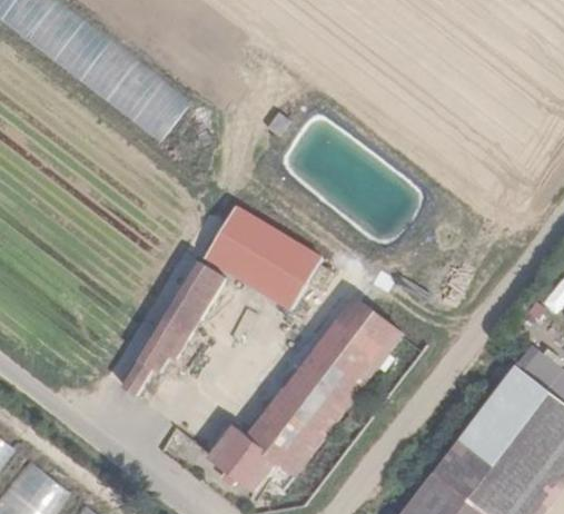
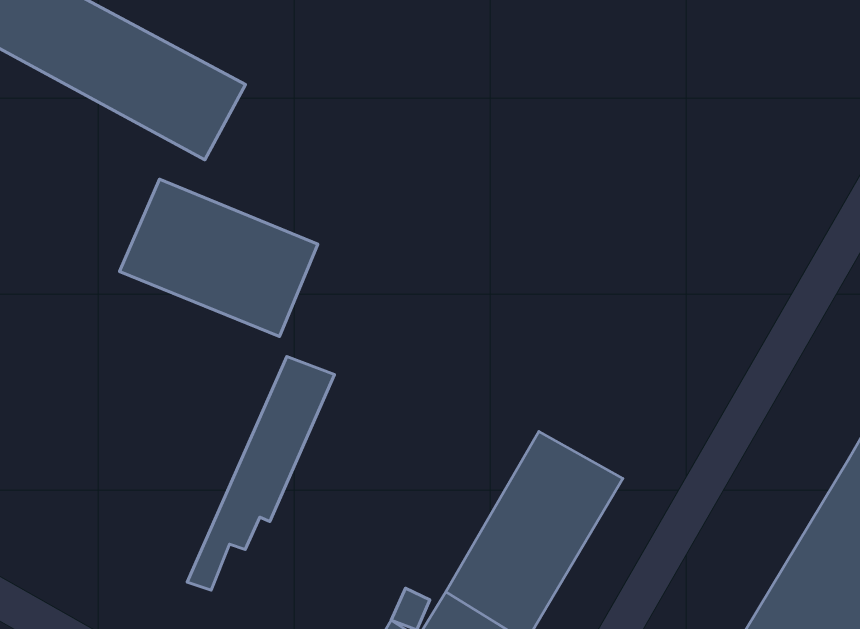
building: [197,206,316,308] -> [119,179,318,336]
building: [336,296,405,362] -> none

